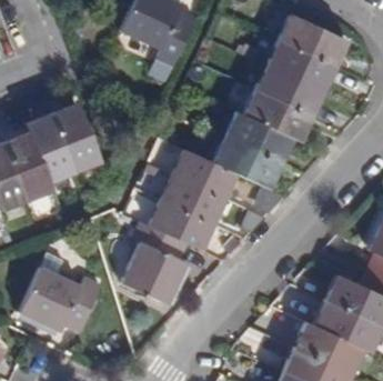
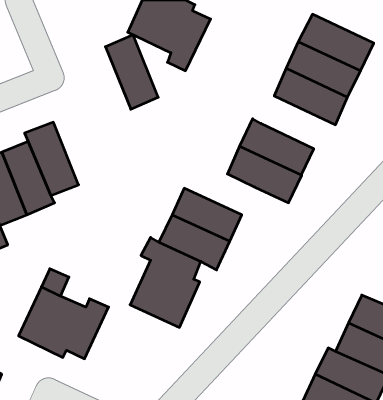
building: [243,90,312,142] -> none
building: [51,103,100,172] -> [105,35,158,109]
building: [172,149,238,200] -> none

